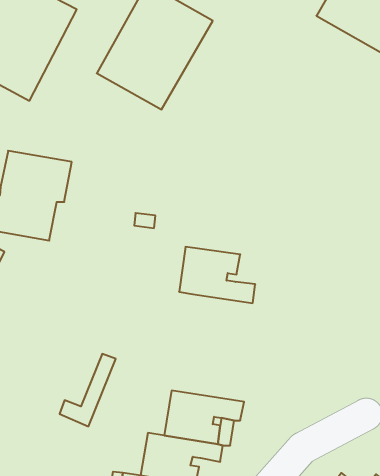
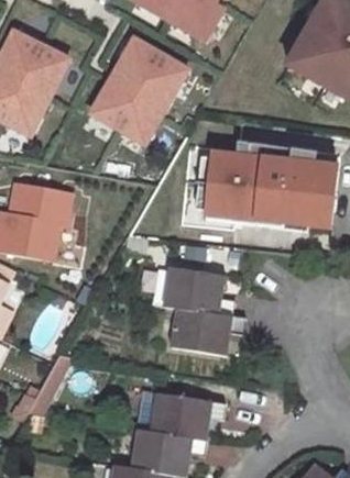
building: none -> [199,148,336,230]
building: none -> [172,309,243,355]
building: [60,354,116,426] -> [18,355,67,419]

